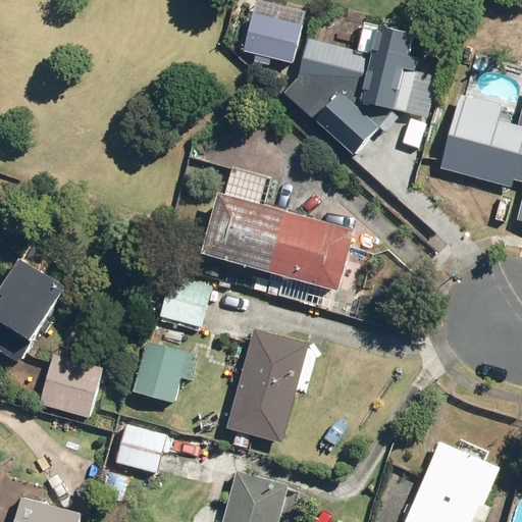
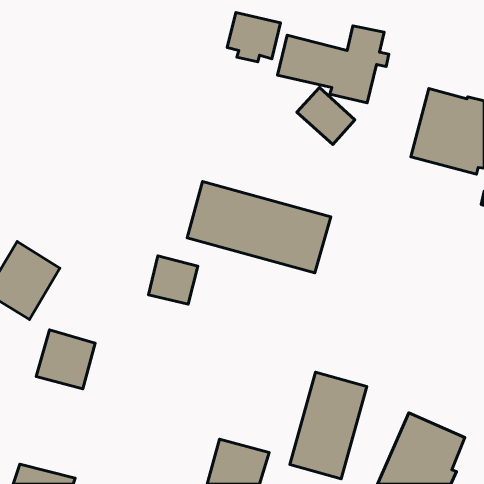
building: [226,329,309,443] -> [290,372,367,479]
building: [134,342,197,403] -> none
building: [115,424,166,472] -> none

